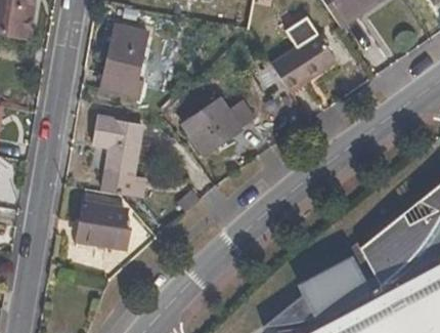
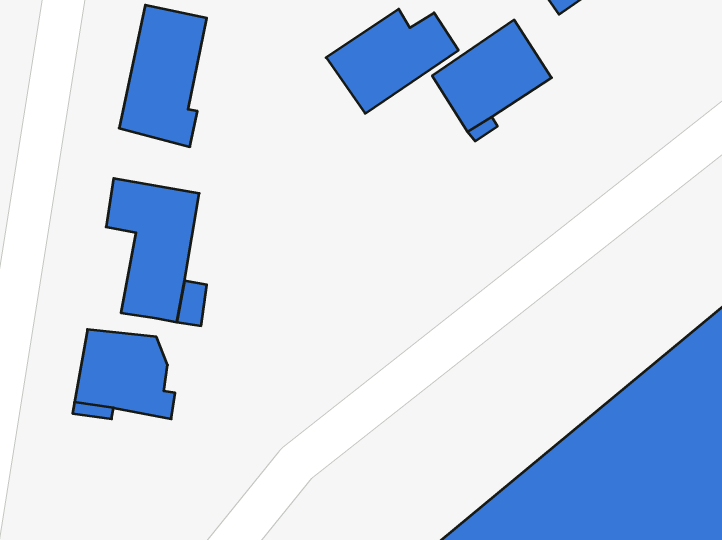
building: [181,97,254,155] -> [326,9,458,113]

